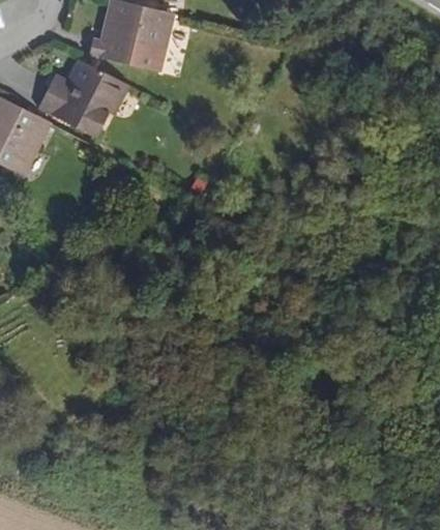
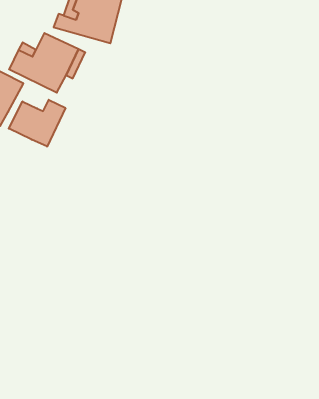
building: none -> [9,100,65,147]

